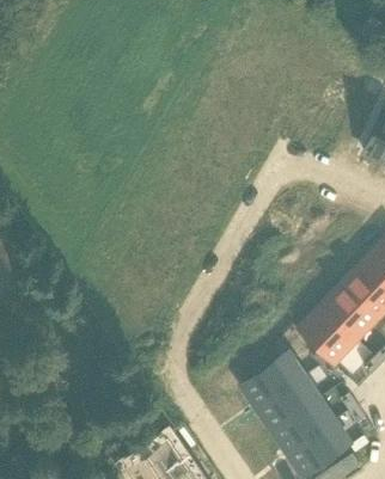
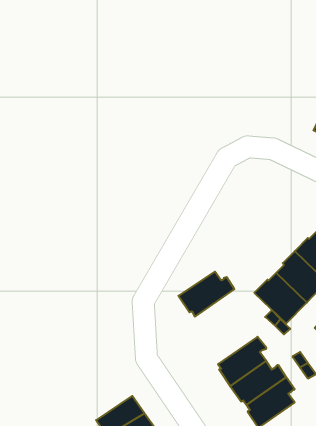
building: [242,357,302,406] -> [178,272,234,317]

